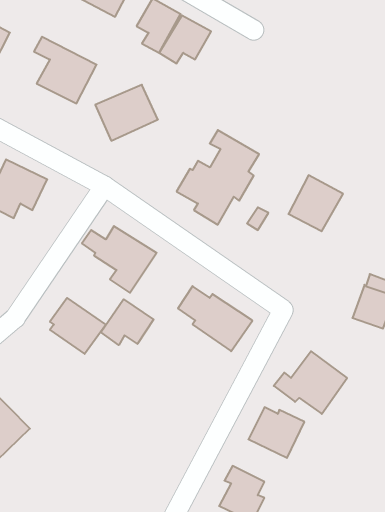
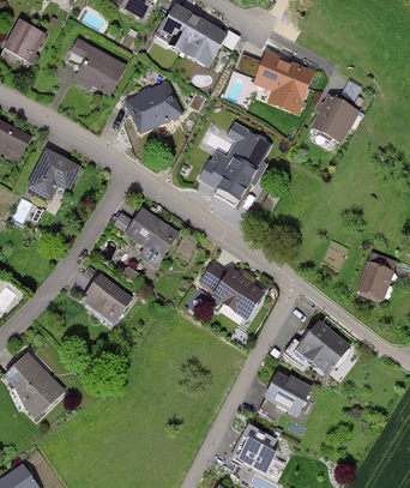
building: none -> [253,53,314,115]
building: [288,175,343,231] -> [310,94,360,144]
building: [101,299,154,345] -> none

